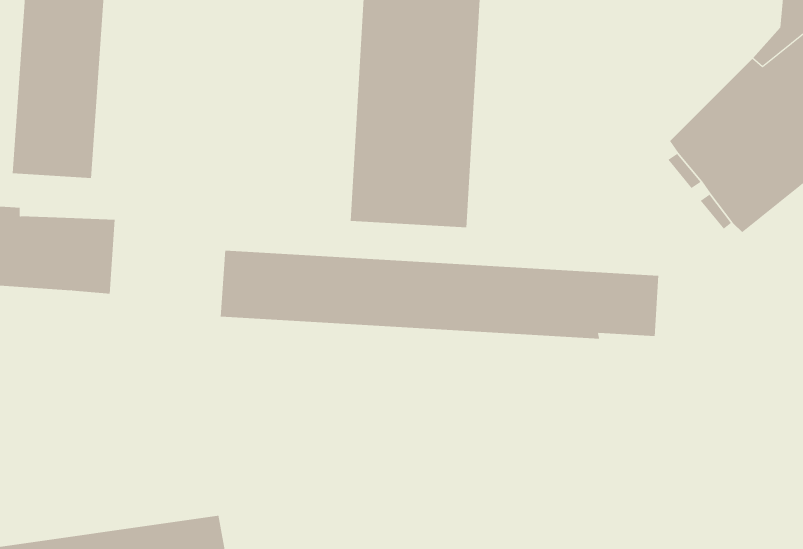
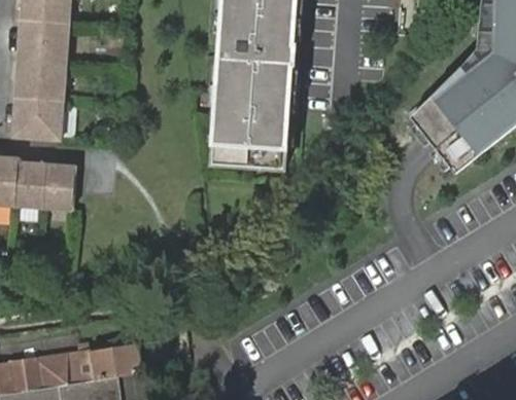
building: [220,250,659,339] -> none

